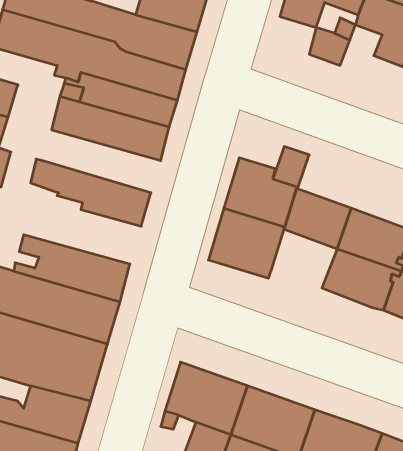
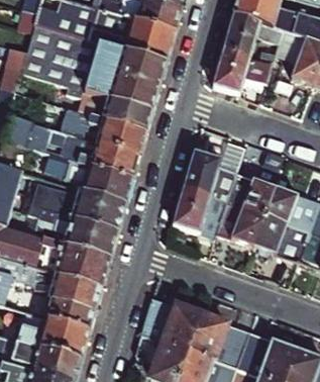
building: none -> [214,49,251,93]
building: none -> [54,130,139,176]
building: none -> [35,182,125,227]
building: none -> [219,202,266,248]

